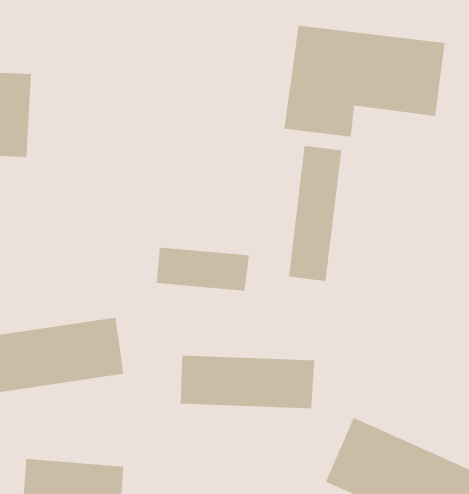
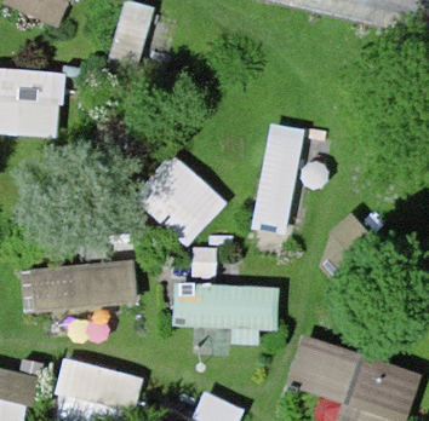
building: [284,25,445,137] -> none

